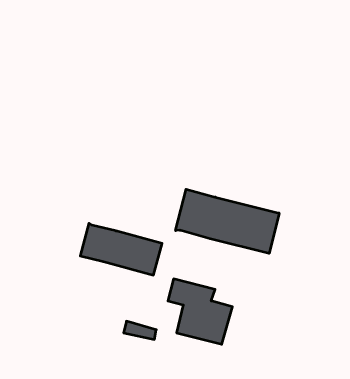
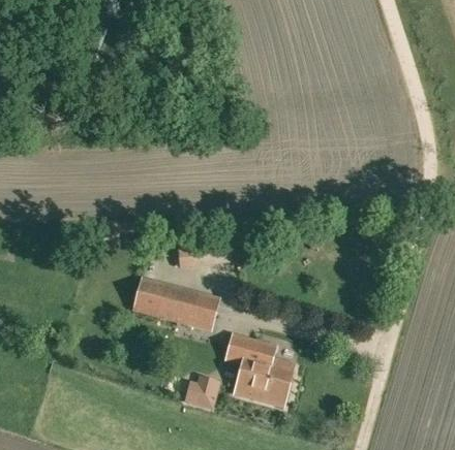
building: [176,189,279,253] -> none

